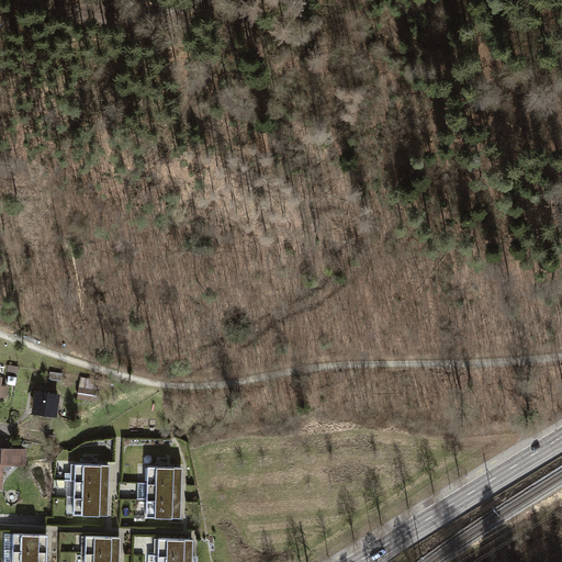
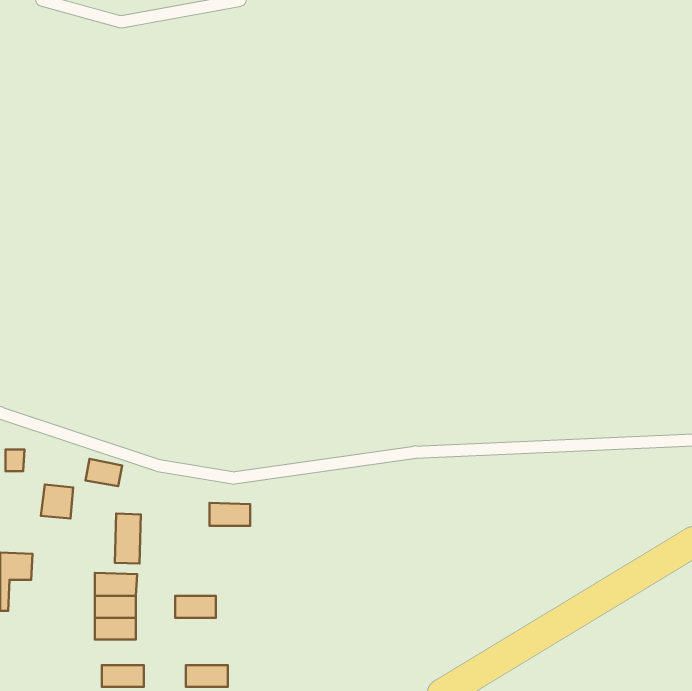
building: none -> [115,514,141,564]
building: [143,465,176,484] -> [209,503,250,526]
building: [143,502,176,519] -> none
building: [14,539,48,557] -> none

